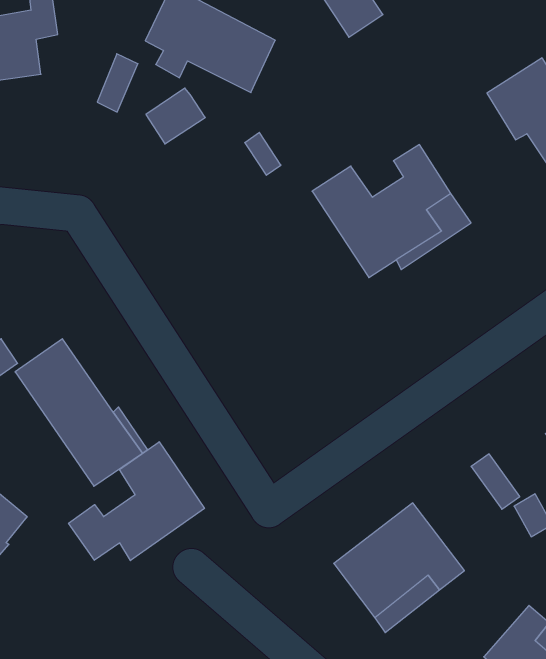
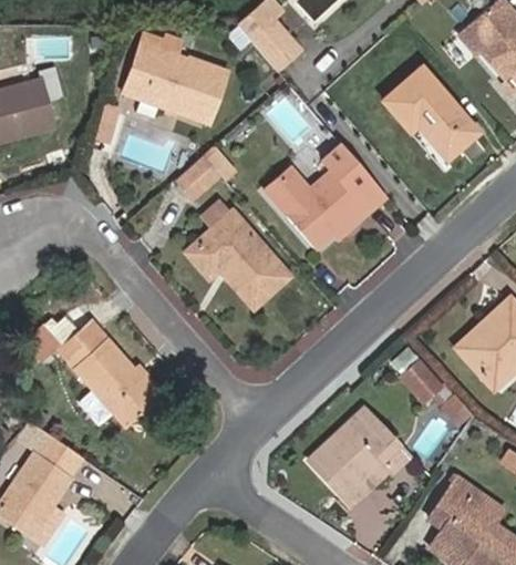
building: [146,88,205,144] -> [177,153,221,196]
building: none -> [189,209,293,307]
building: [69,442,204,561] -> none

